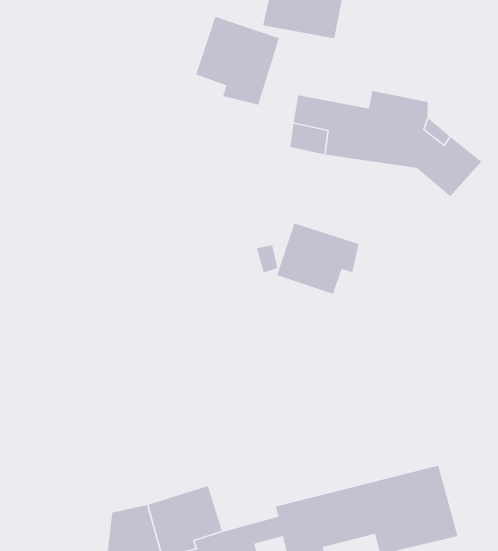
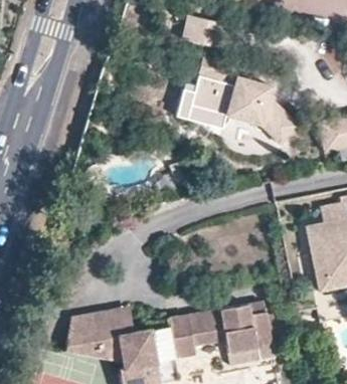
building: [195,16,280,106] -> none
building: [276,223,360,295] -> none

